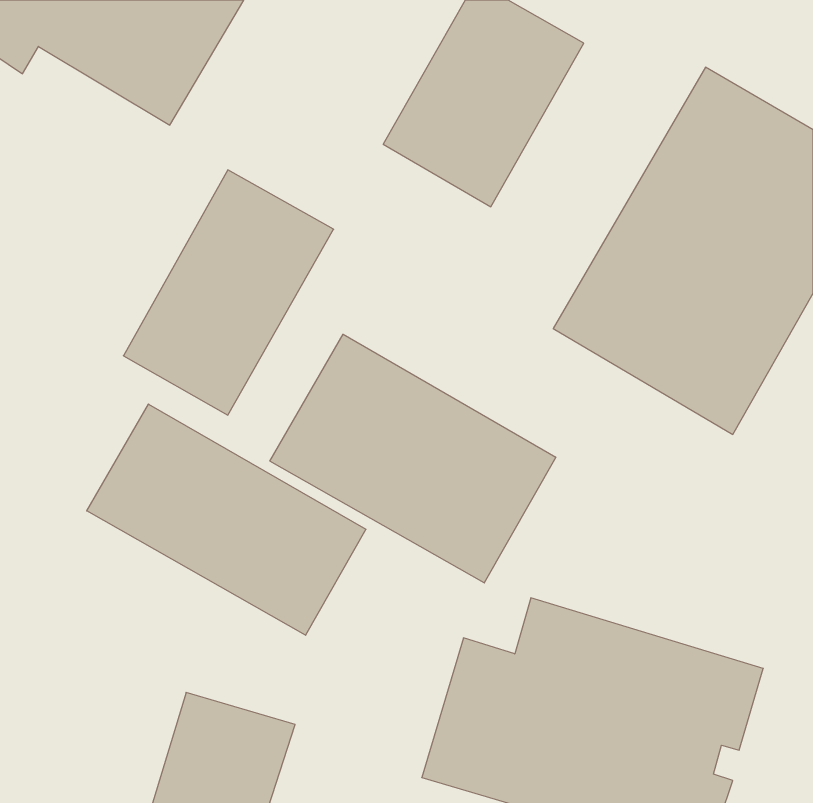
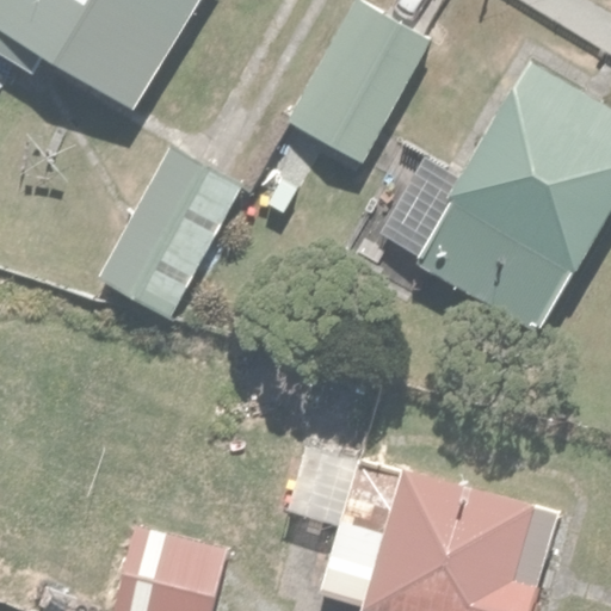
building: [270,334,556,583] -> none
building: [87,404,366,635] -> none

